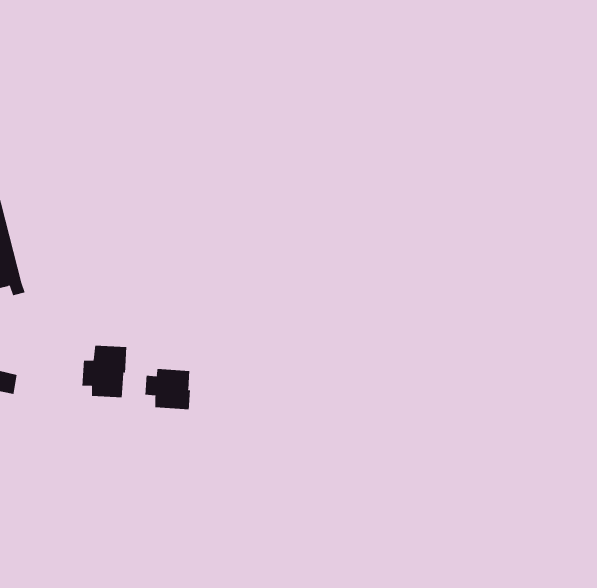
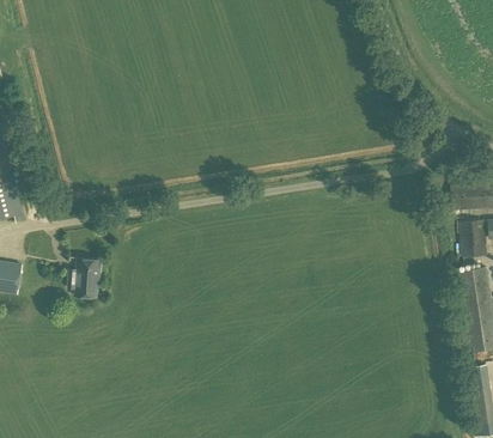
building: [145,368,190,410] -> none

